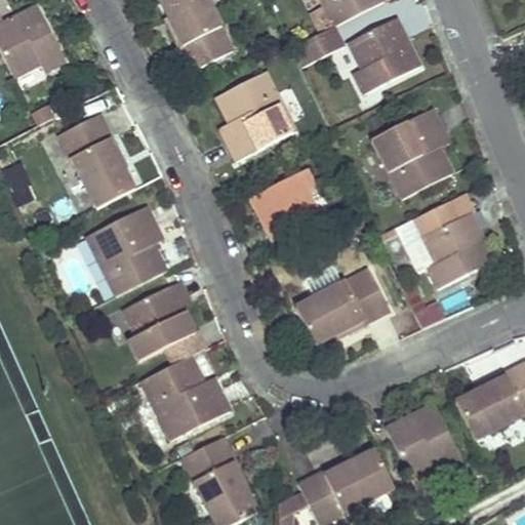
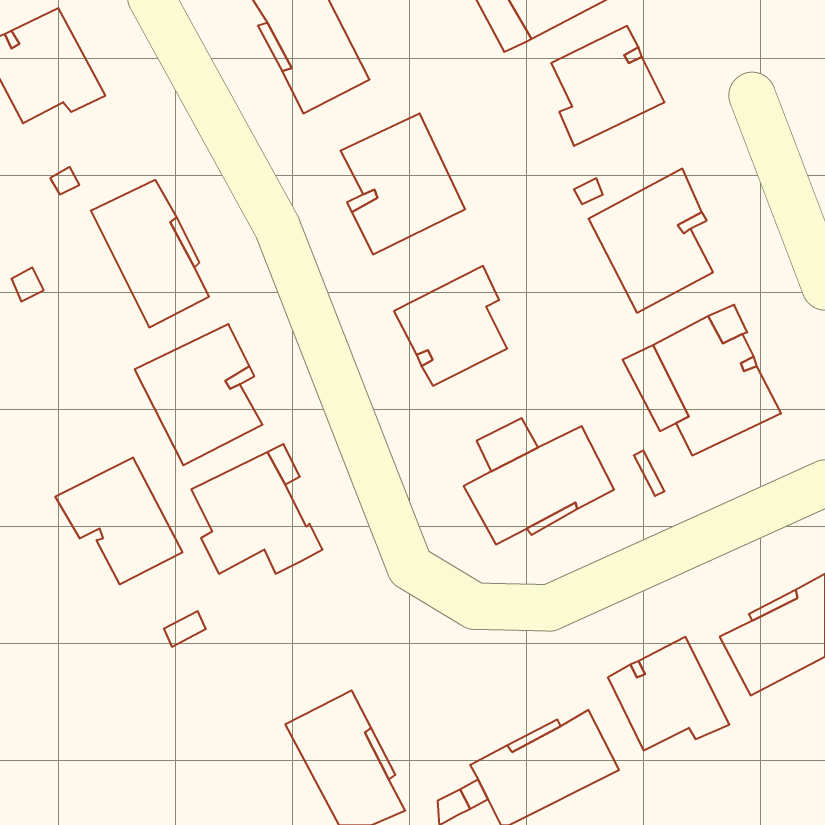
building: [292,27,341,66] -> none
building: none -> [55,457,182,584]
building: [140,355,231,440] -> none

